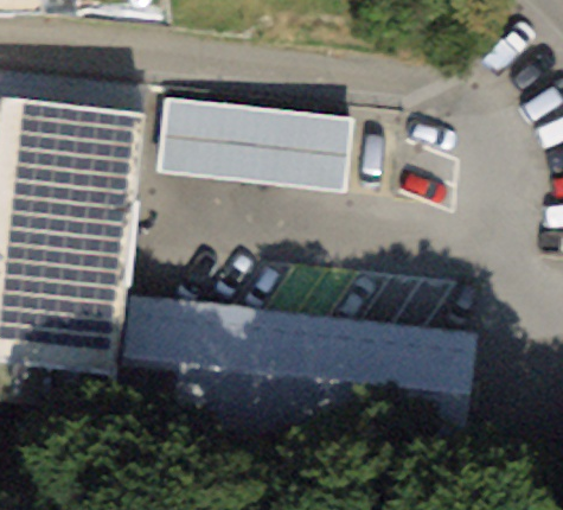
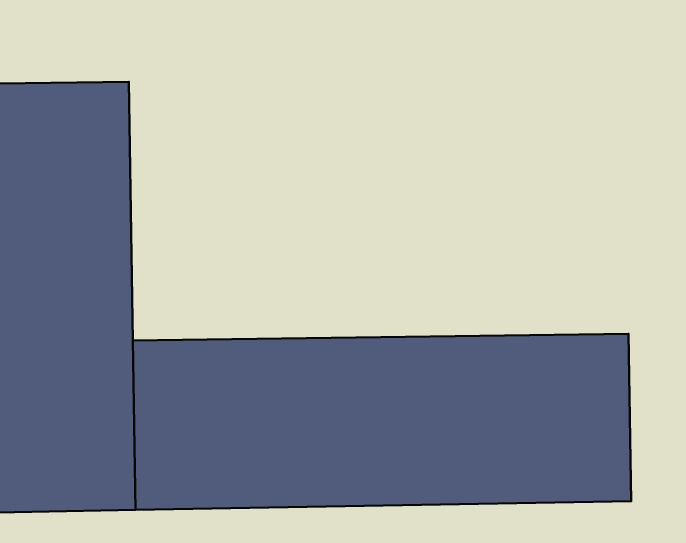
building: [152,94,347,185] -> none

